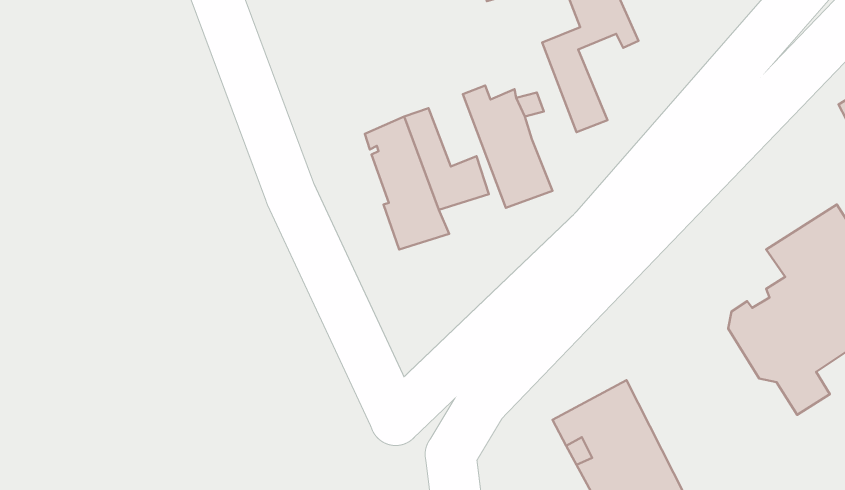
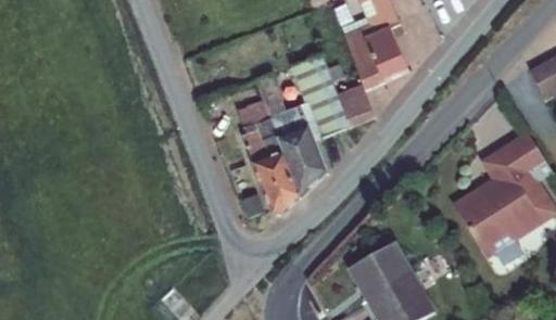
building: none -> [365,26,408,80]
building: none -> [336,82,374,125]
building: none -> [252,127,326,213]

